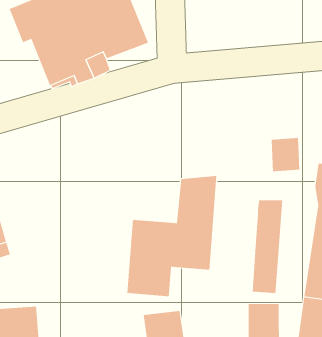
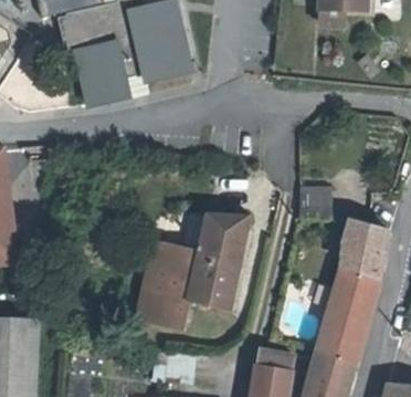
building: [252,200,283,294] -> none

